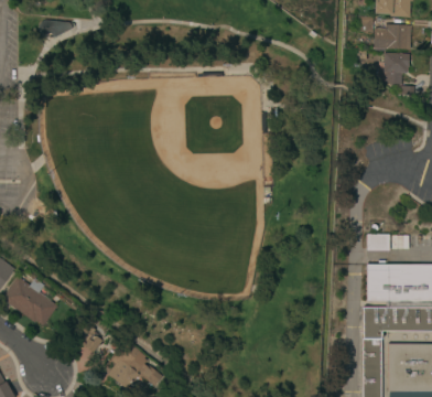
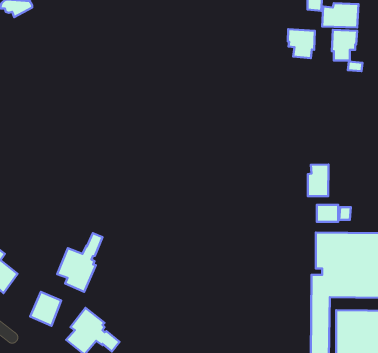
building: none -> [288,29,315,58]
building: none -> [308,165,328,196]
building: none -> [57,233,102,292]

